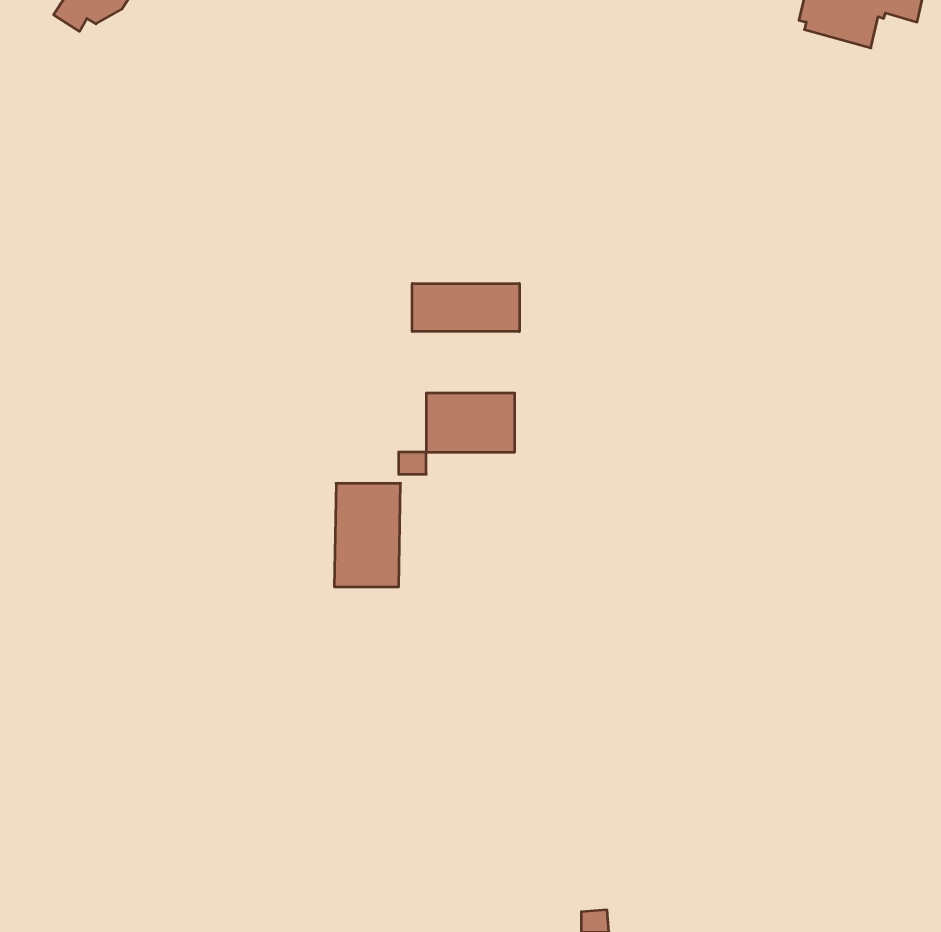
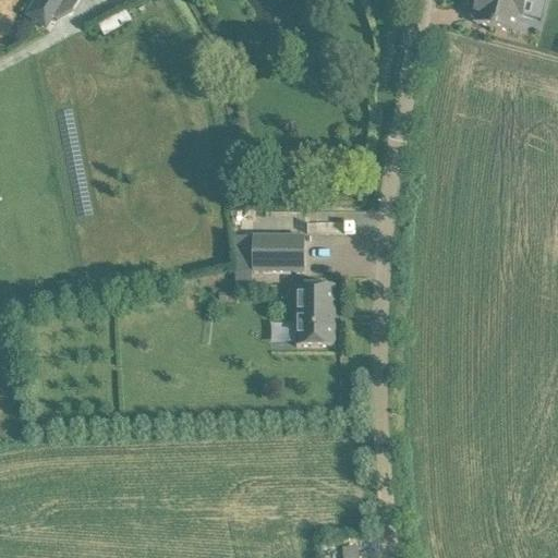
building: [412,283,519,332] -> none
building: [334,483,401,587] -> [295,280,335,341]

